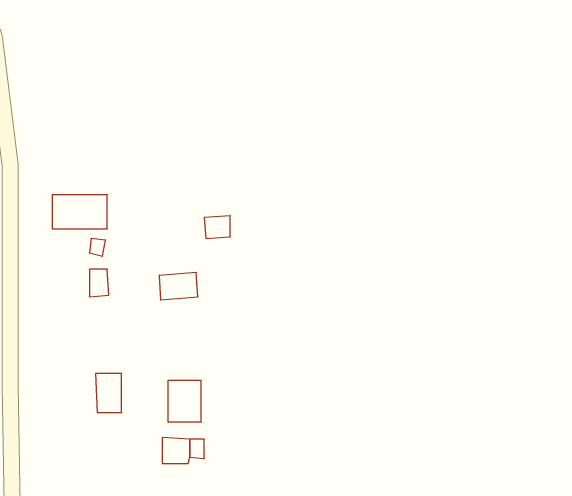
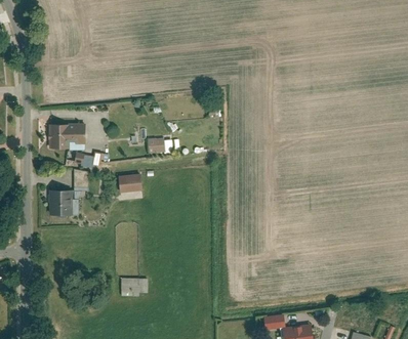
building: [96,374,122,412] -> [55,192,72,216]
building: [168,380,201,422] -> none

